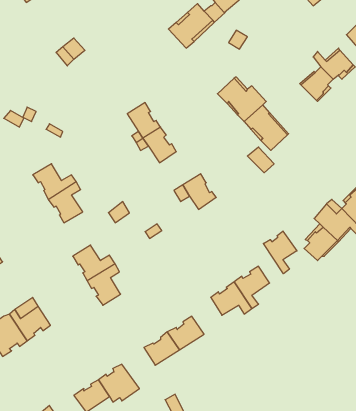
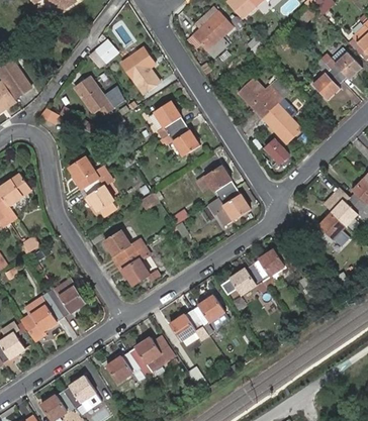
building: none -> [122,47,161,93]
building: none -> [76,77,113,114]
building: none -> [208,187,251,220]
building: [263,231,297,274] -> none

